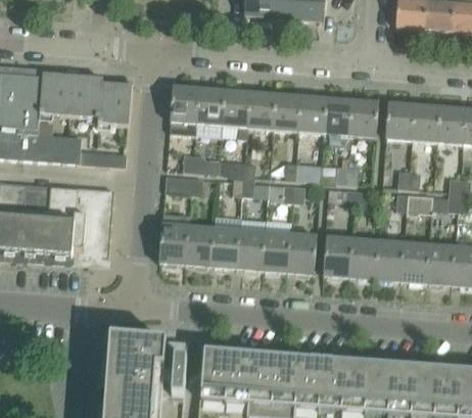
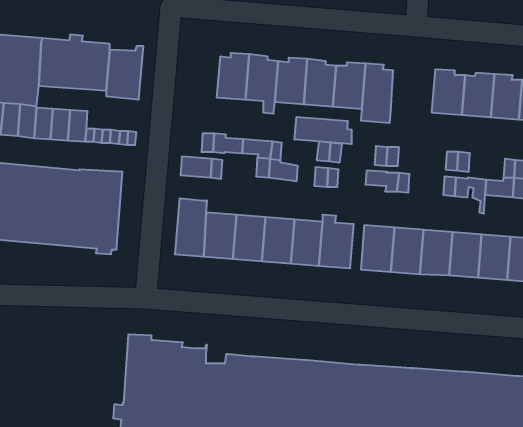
building: [170,82,199,135] -> none
building: [349,97,378,138] -> none
building: none -> [295,117,352,144]

